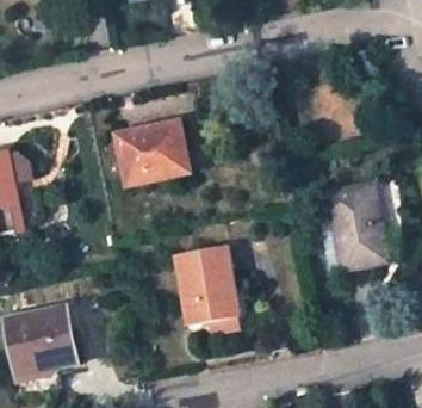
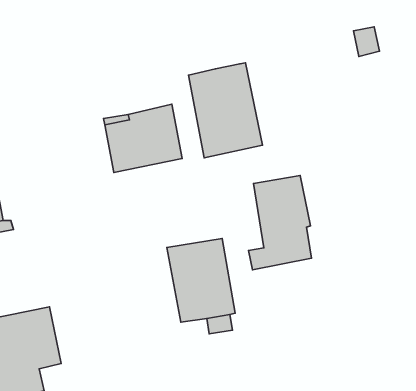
building: none -> [189,63,263,158]
building: [323,186,381,273] -> [248,176,312,270]

